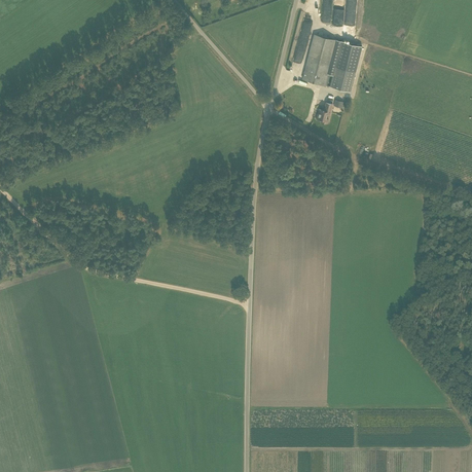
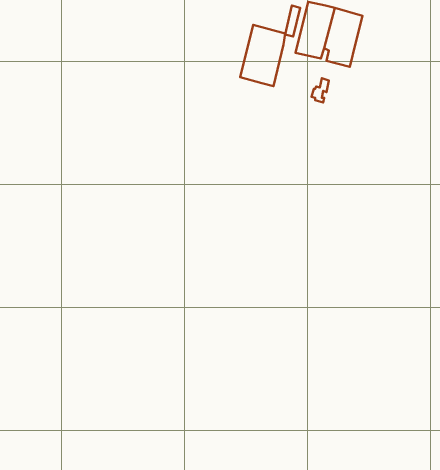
building: none -> [240,25,285,86]

